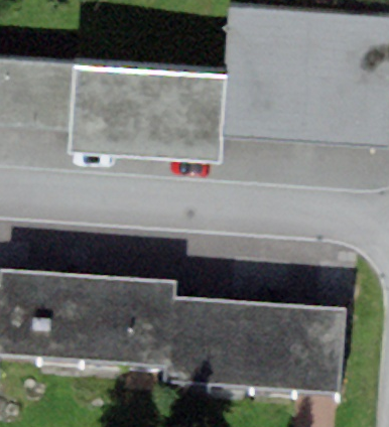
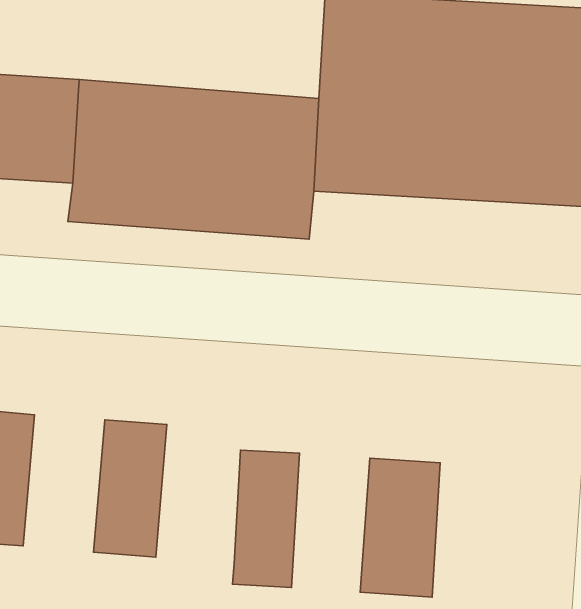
building: [36,274,88,361] -> none
building: [120,280,174,368] -> none
building: [206,298,255,386] -> none
building: [294,304,341,391] -> none

